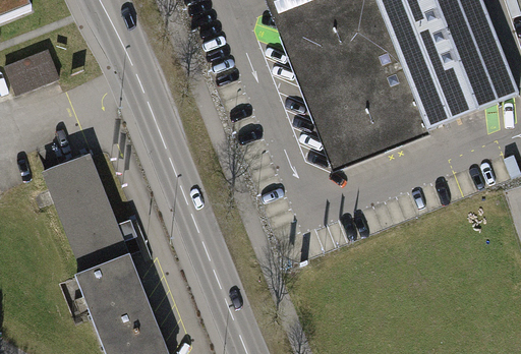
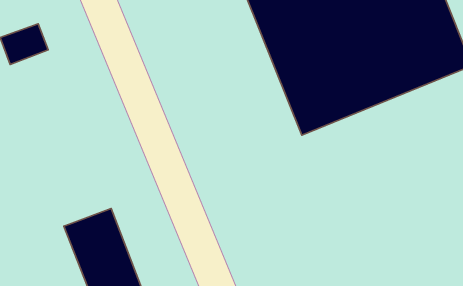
building: [41,150,125,268] -> none

